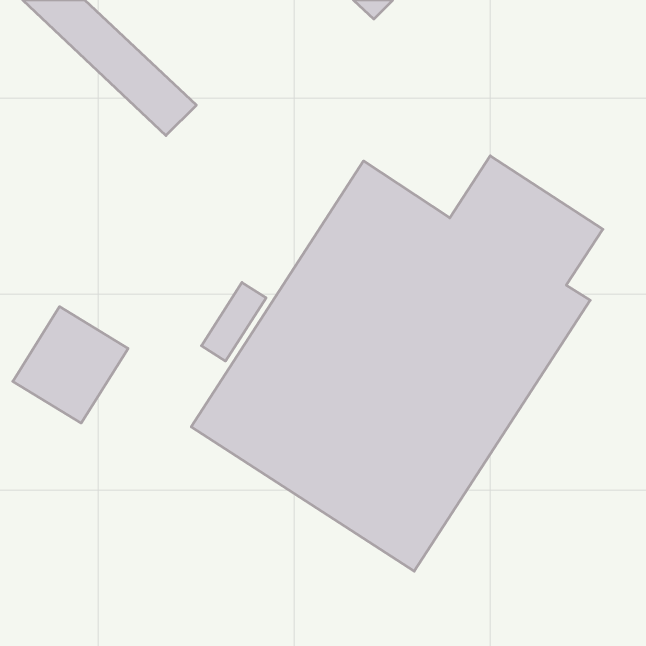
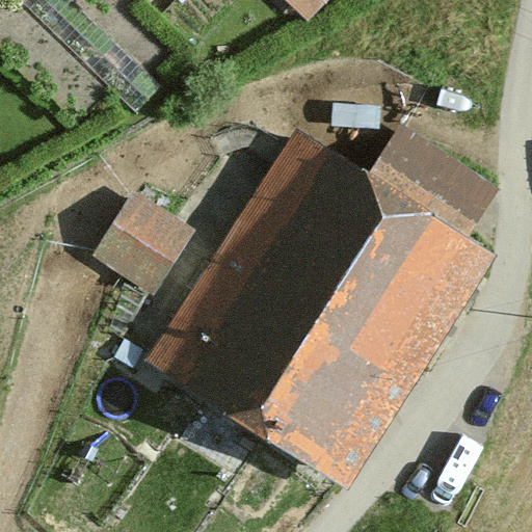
building: [13,307,128,423] -> [100,192,194,288]

